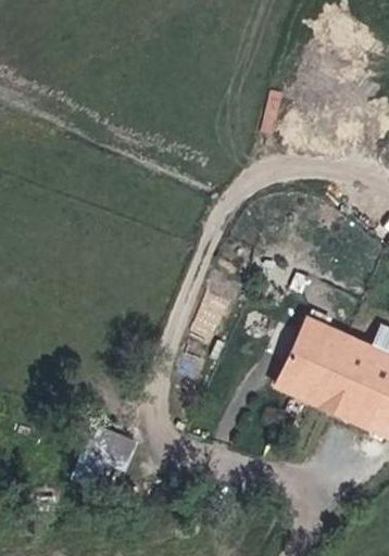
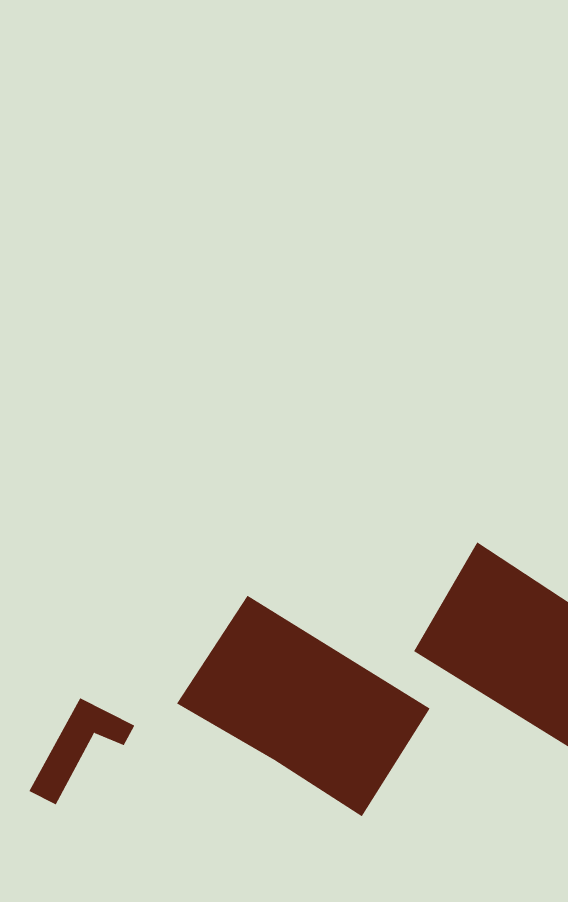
building: none -> [176,595,430,817]

